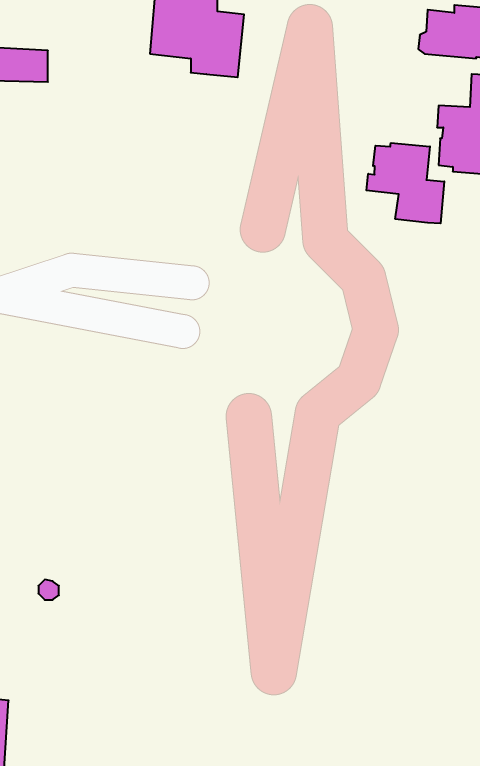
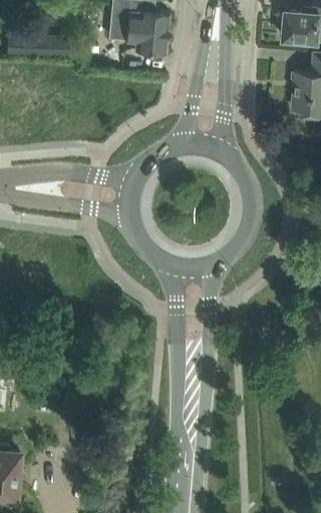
building: [366,143,444,223] -> none

